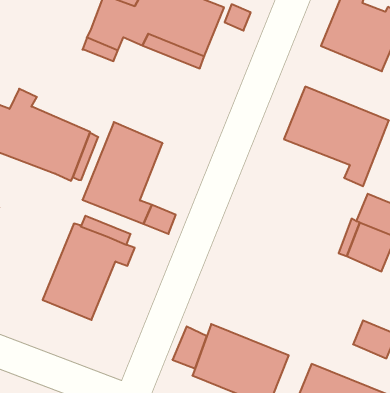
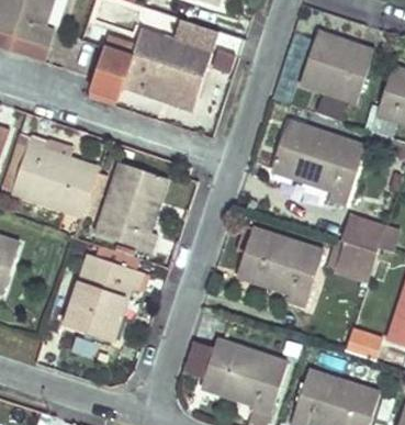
building: none -> [238,226,324,306]

